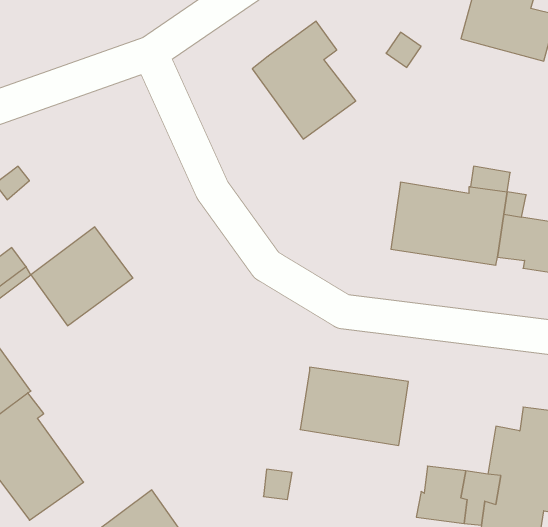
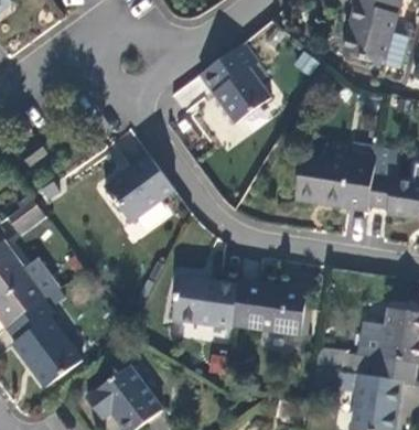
building: [31,227,133,326] -> [104,153,174,222]
building: none -> [172,273,238,326]

